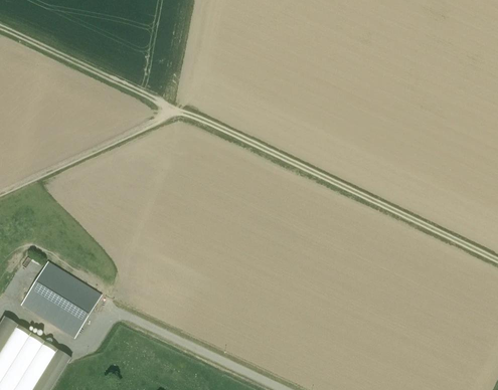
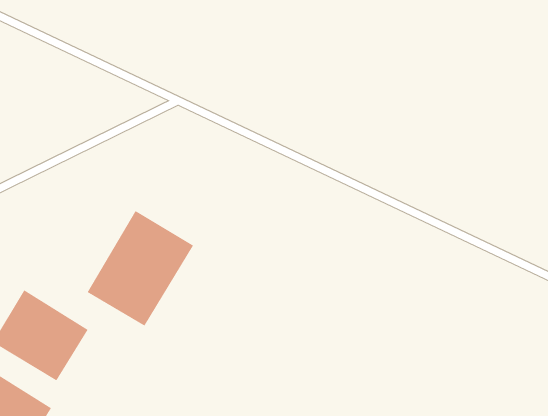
building: none -> [87,210,194,326]

